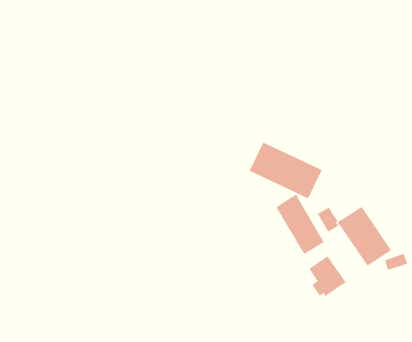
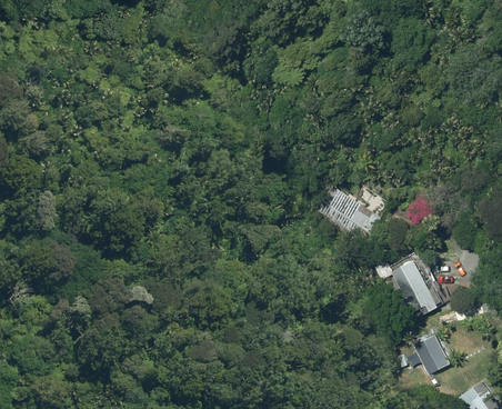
building: [276,194,324,255] -> none
building: [308,256,346,297] -> [414,333,451,375]

